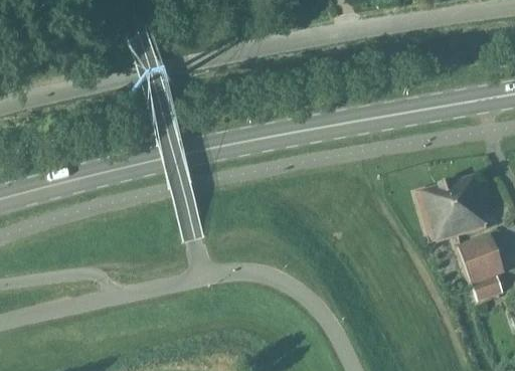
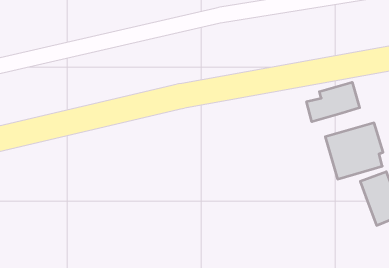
building: none -> [307,82,360,122]

